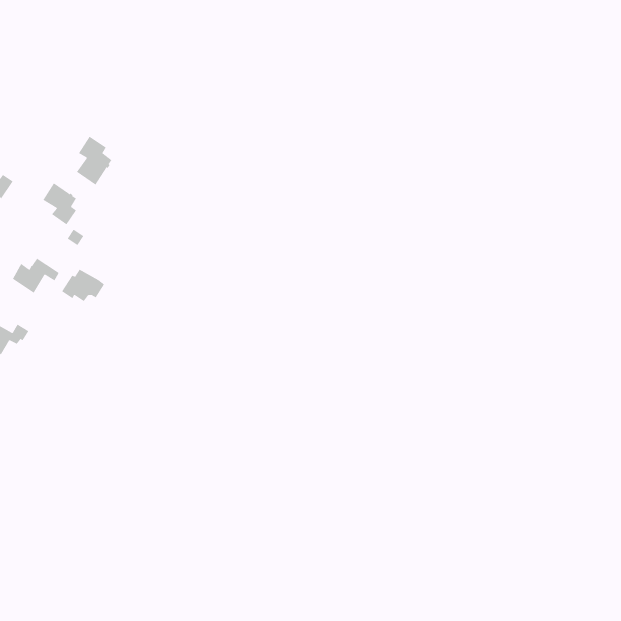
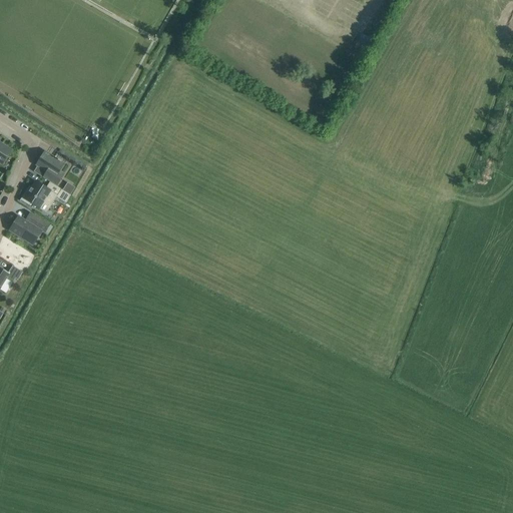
building: [76,136,112,186] -> none
building: [61,269,105,302] -> [19,180,55,207]

